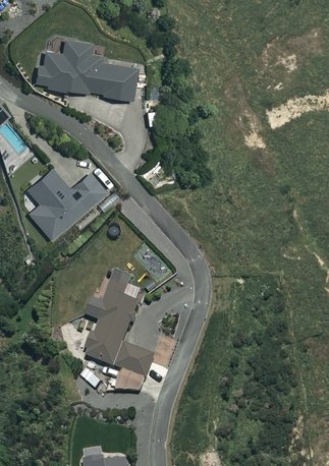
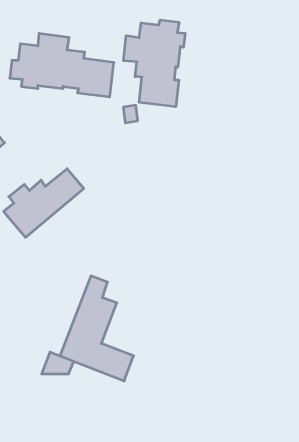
building: none -> [124,20,185,107]
building: [114,369,146,391] -> [42,352,74,374]

